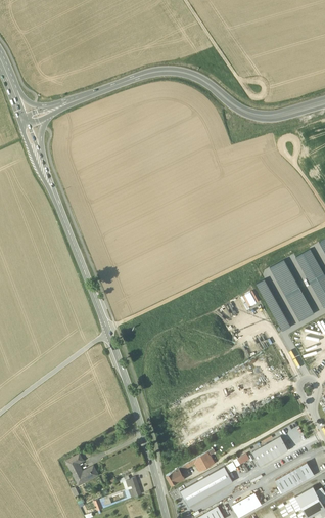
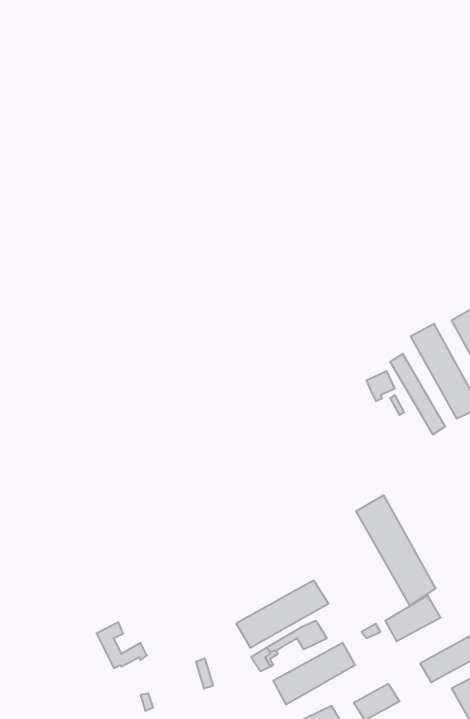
building: none -> [356,495,436,605]
building: none -> [236,580,328,648]

